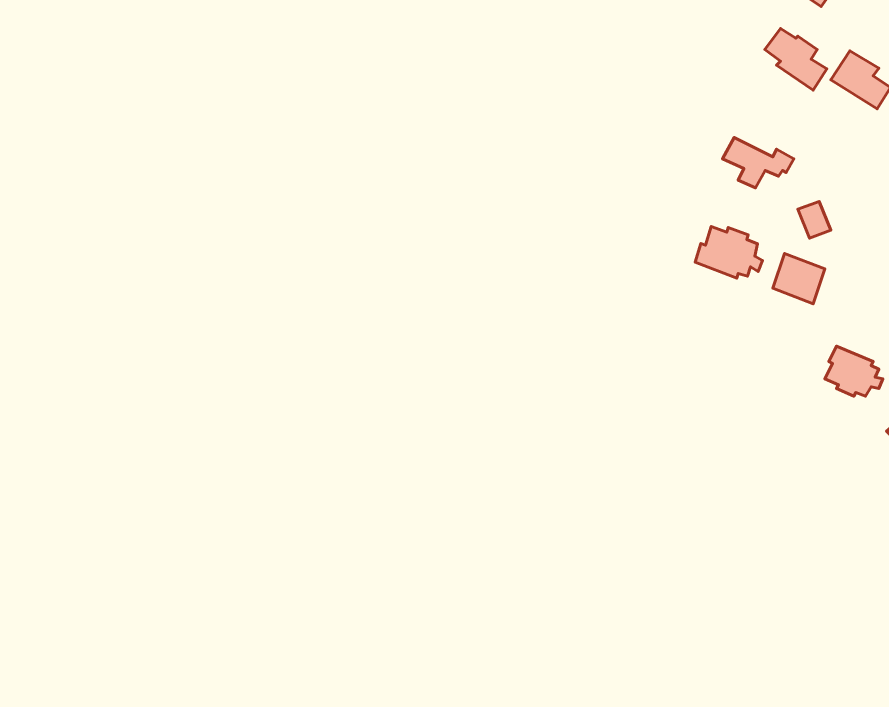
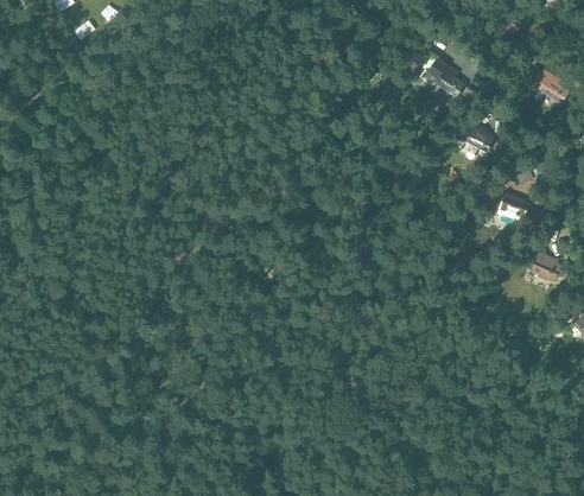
building: [765,28,827,90] -> [427,58,465,96]
building: [695,227,763,278] -> none

